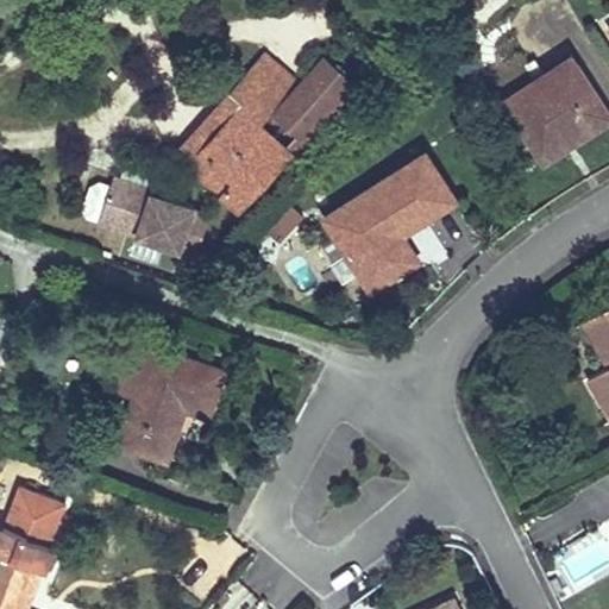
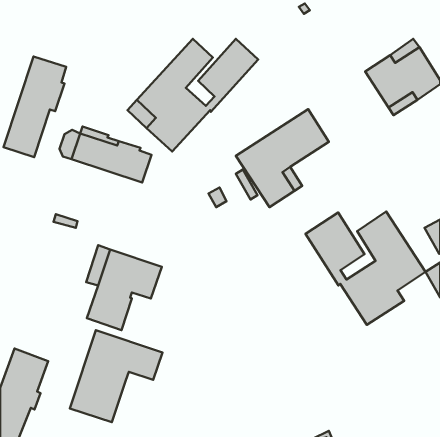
building: none -> [4,57,66,157]
building: none -> [306,212,425,325]
building: none -> [70,330,162,422]

